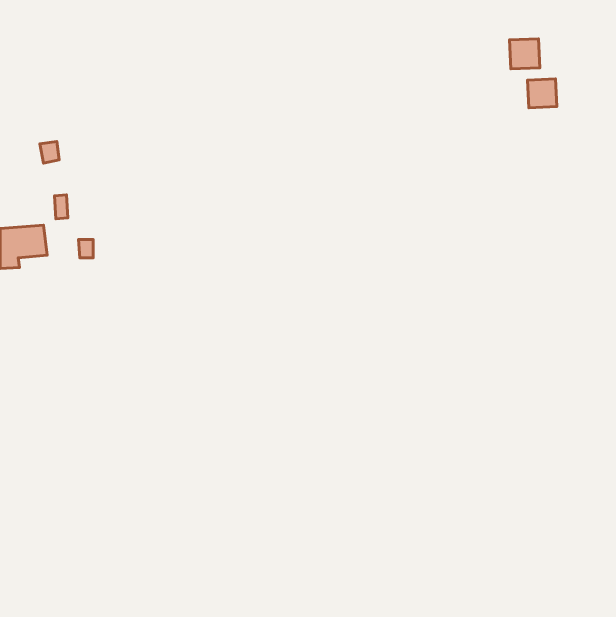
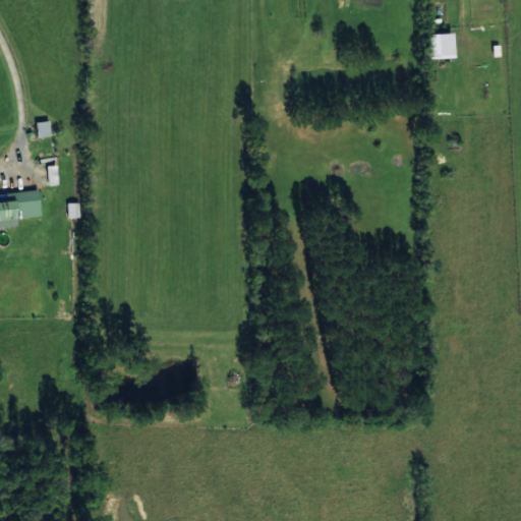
building: [528,79,557,108] -> none

